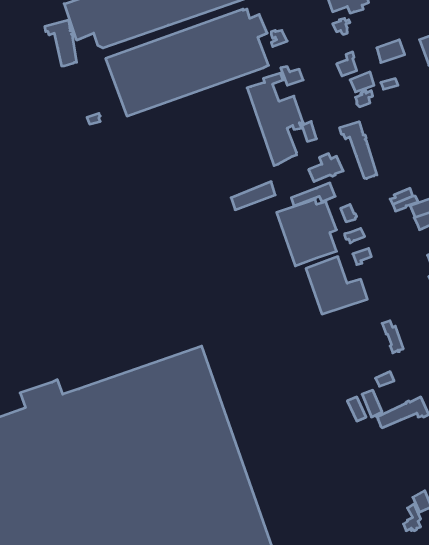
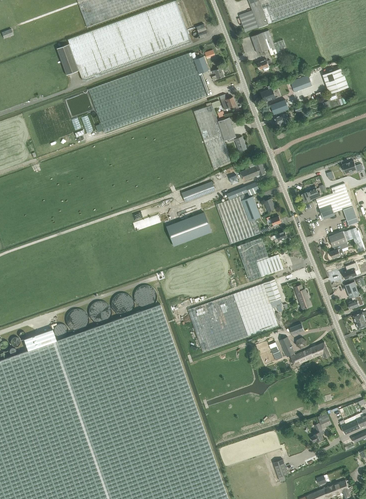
building: [45,20,77,66] -> none
building: [340,122,377,179] -> none
building: none -> [165,212,210,245]
building: none -> [187,279,281,352]

